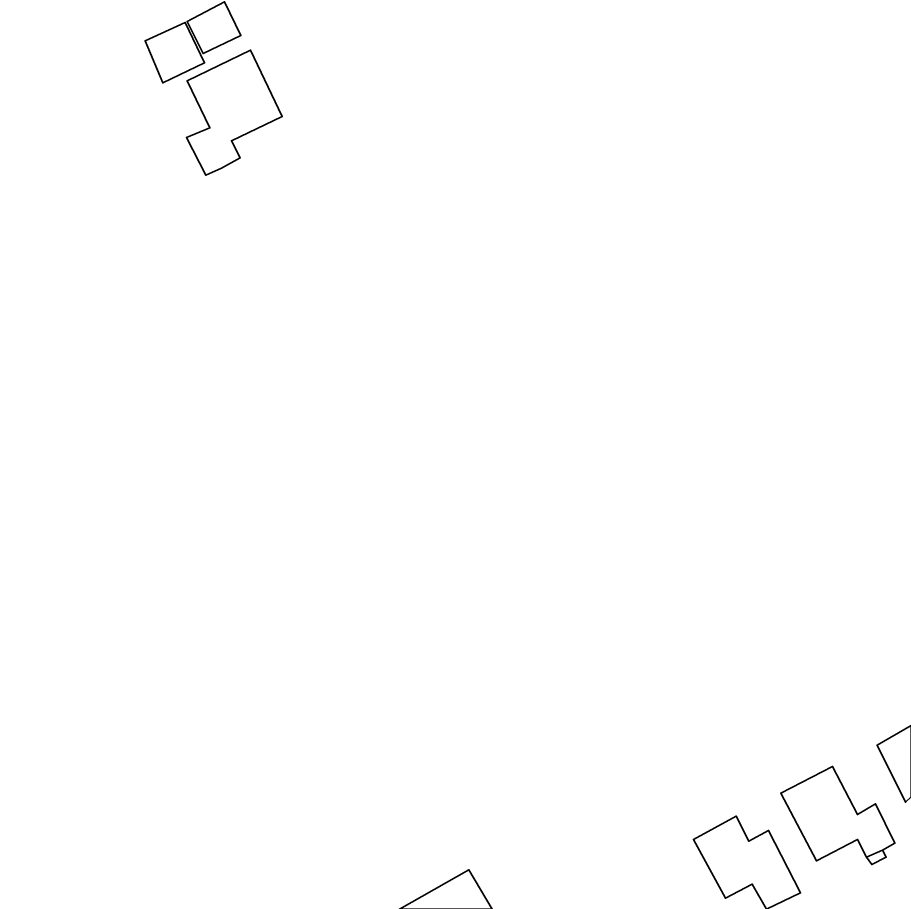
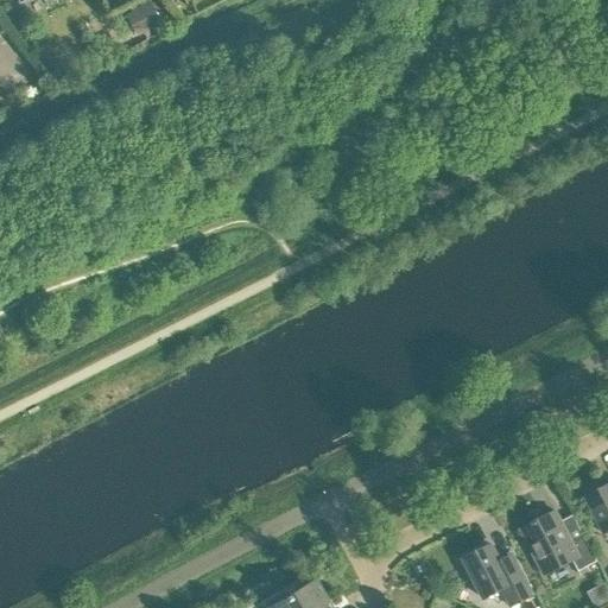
building: [145,23,205,83] -> none
building: [187,50,282,175] -> none

